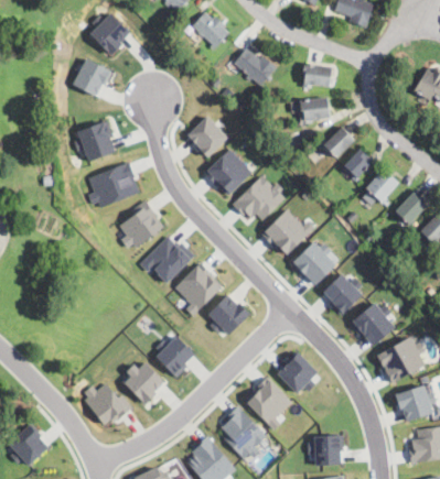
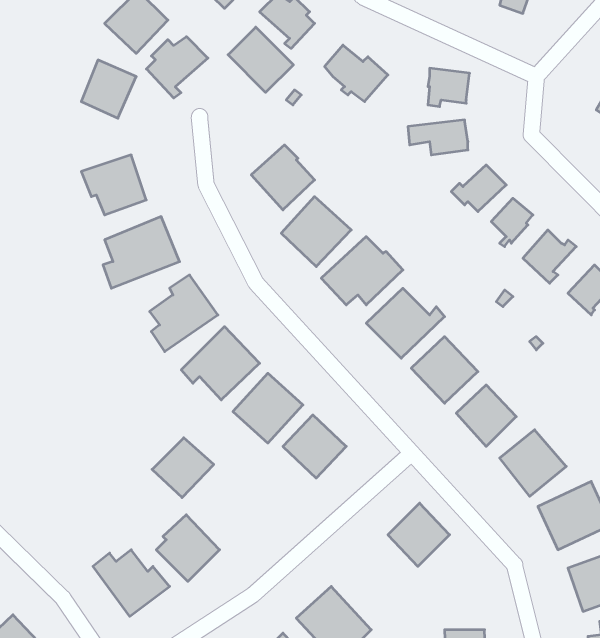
building: none -> [228,27,293,92]
building: none -> [146,37,208,98]
building: [155,336,196,375] -> [152,438,214,498]
building: [244,377,292,429] -> none

